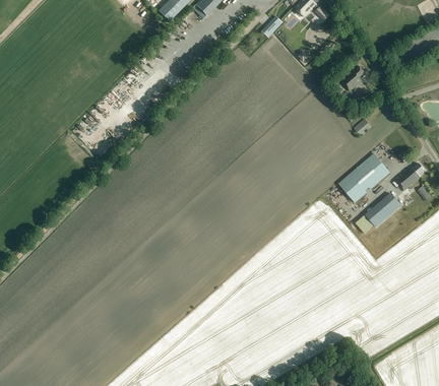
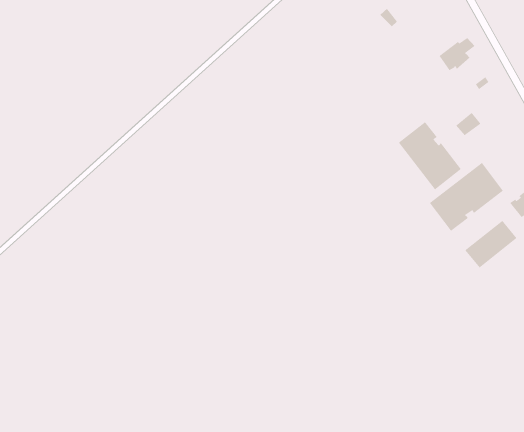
building: none -> [398,121,462,190]

